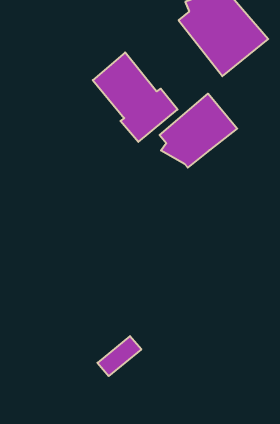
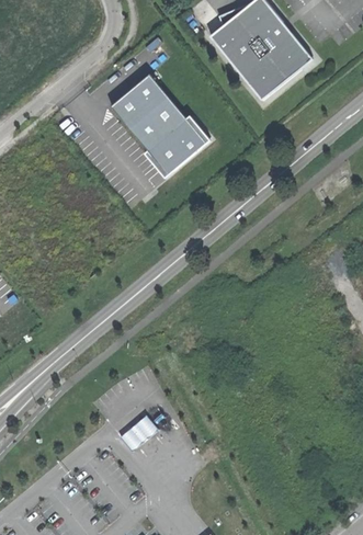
building: [160,94,237,168] -> none

